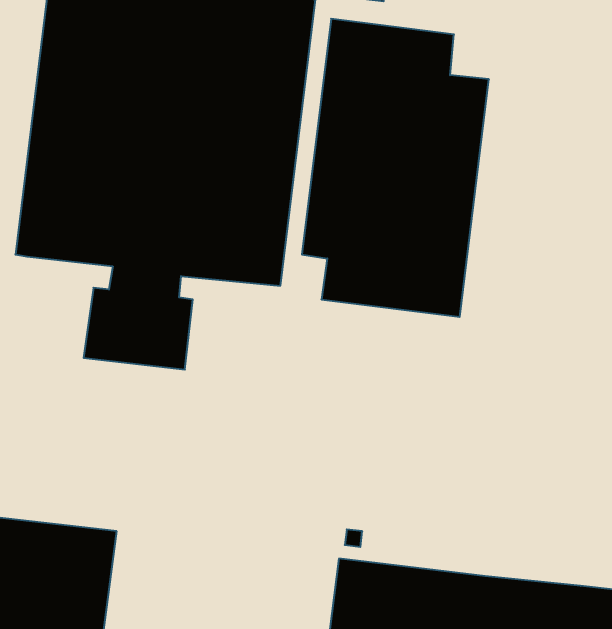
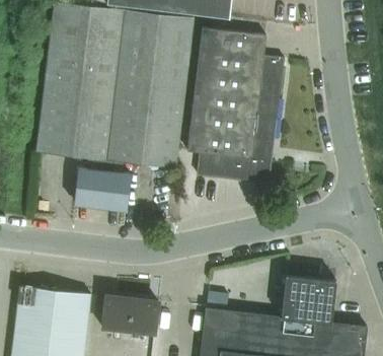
building: none -> [282,275,336,323]
building: none -> [102,297,159,335]

